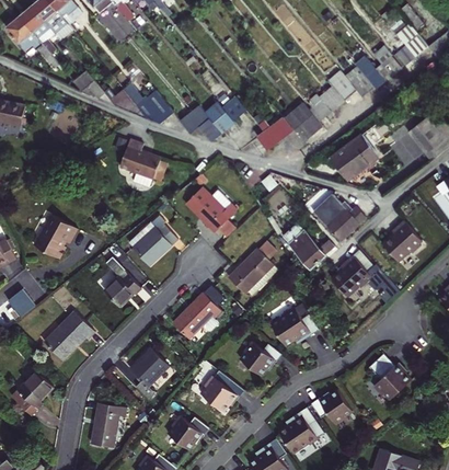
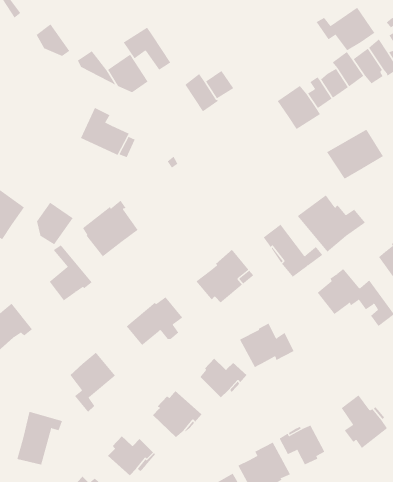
building: none -> [316,7,375,51]
building: [179,105,221,141] -> [123,27,171,70]
building: [256,118,293,150] -> none
building: [185,186,244,237] -> none
building: none -> [36,202,73,245]

